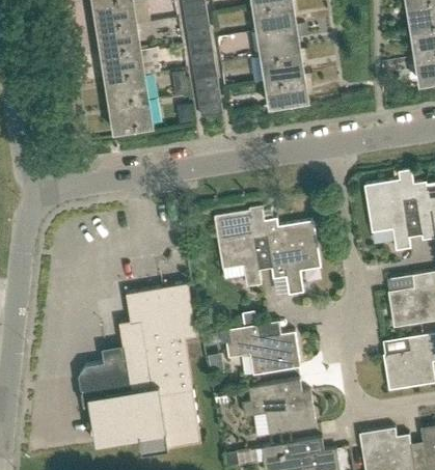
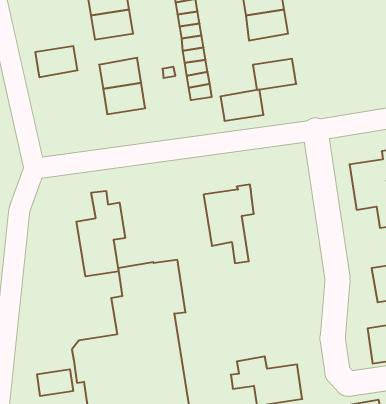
building: [101,50,144,82] -> [35,46,78,77]
building: [260,50,304,82] -> [220,90,264,121]
building: [262,210,320,295] -> none
building: none -> [77,191,125,276]
building: [224,325,299,375] -> none
building: none -> [37,369,73,396]

